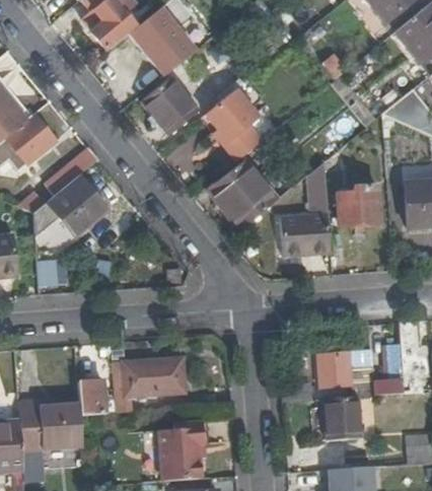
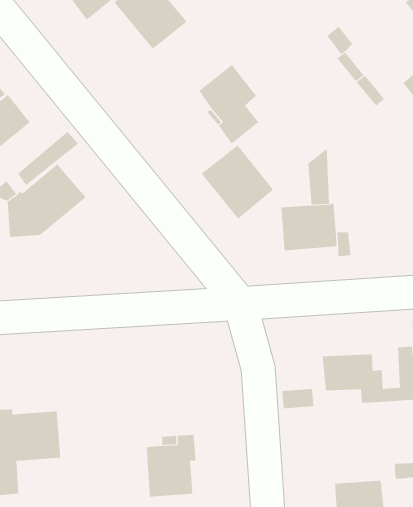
building: [143,78,199,134] -> none
building: [339,185,380,225] -> none
building: [35,261,67,288] -> none
building: [112,356,189,413] -> none
building: [78,379,106,415] -> none
building: [321,396,362,441] -> none

